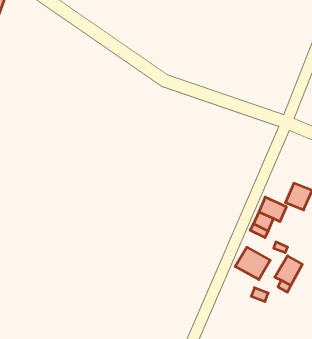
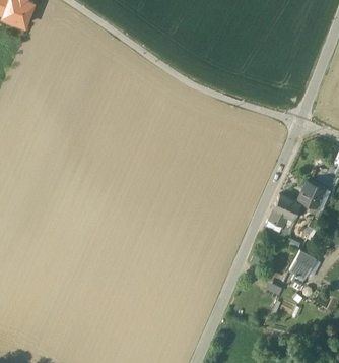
building: [235,247,270,280] -> none

